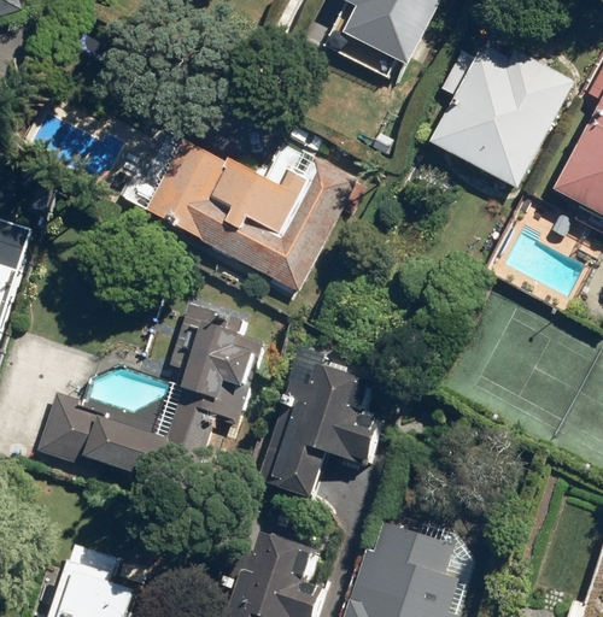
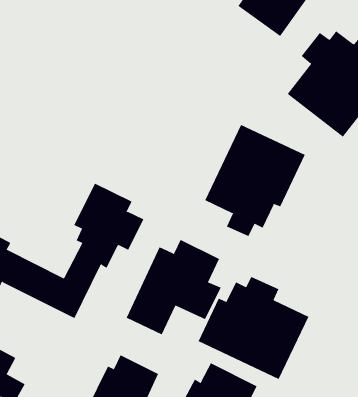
building: [145,137,356,288] -> none
building: none -> [205,124,305,237]
building: none -> [198,276,309,380]

